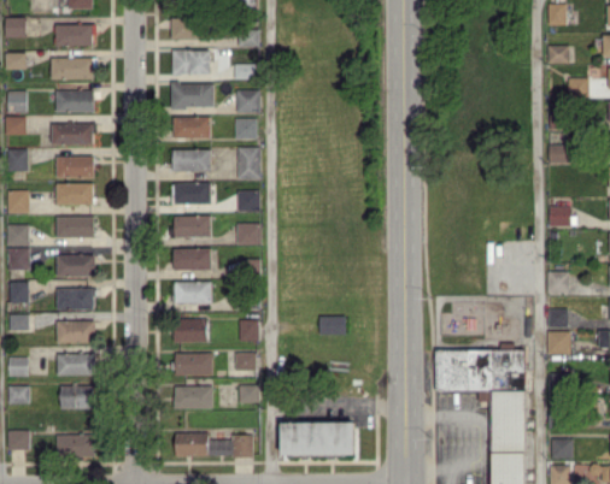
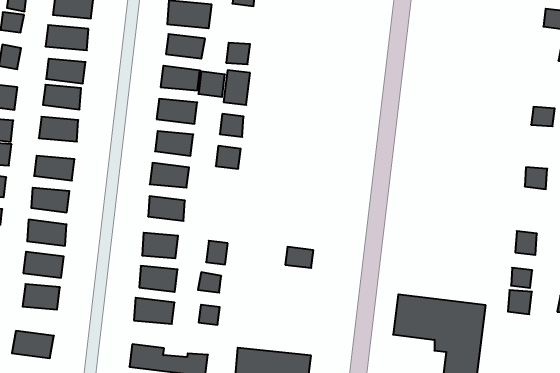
building: [236,90,260,113] -> [198,71,225,97]

